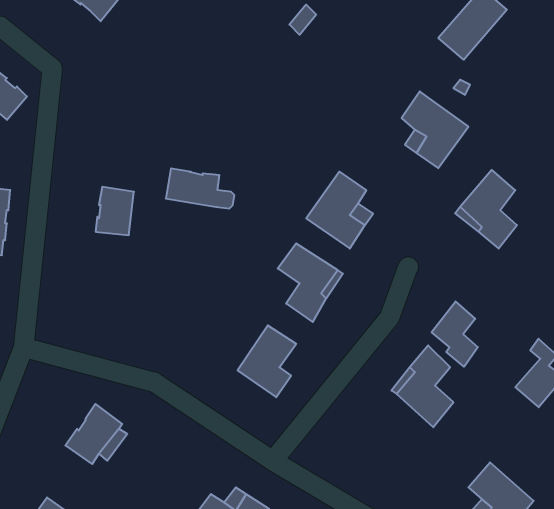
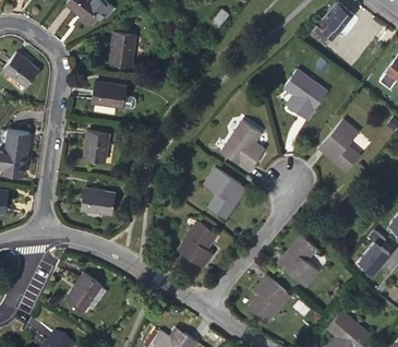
building: none -> [109,32,135,65]
building: [166,168,234,208] -> [91,83,135,109]
building: none -> [81,189,114,214]
building: [432,301,478,367] -> none
building: none -> [250,275,290,323]

